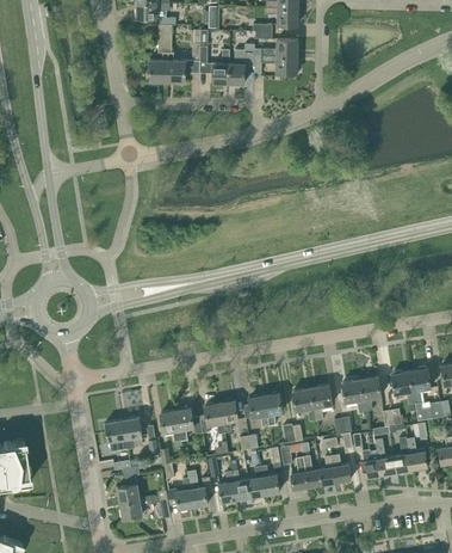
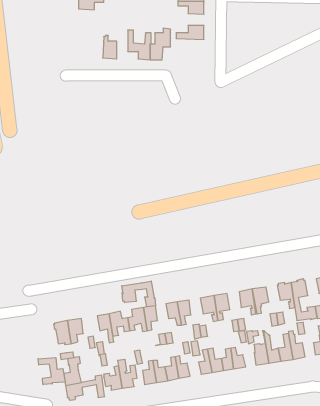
building: [149,26,171,82] -> none
building: [253,50,297,74] -> none
building: none -> [122,281,155,307]
building: none -> [38,358,65,385]

